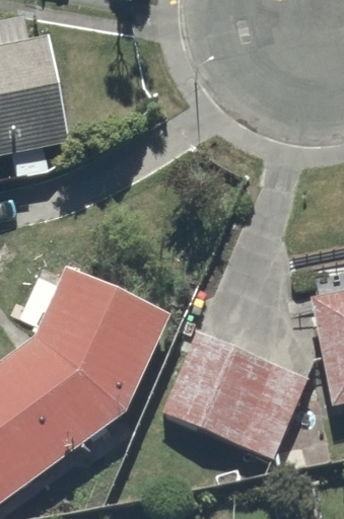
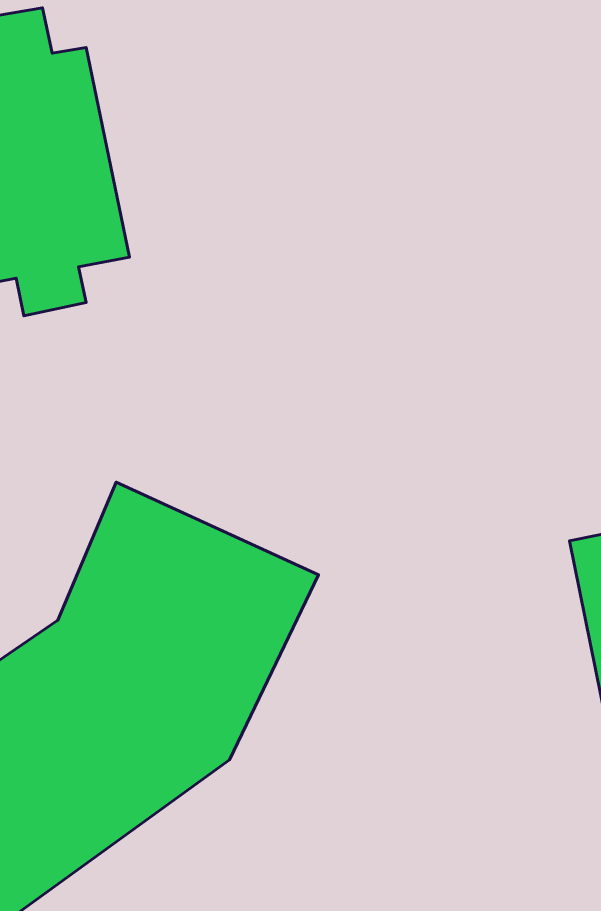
building: [158,327,306,459] -> none

